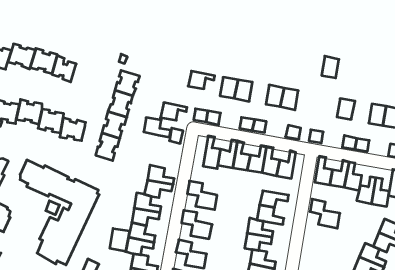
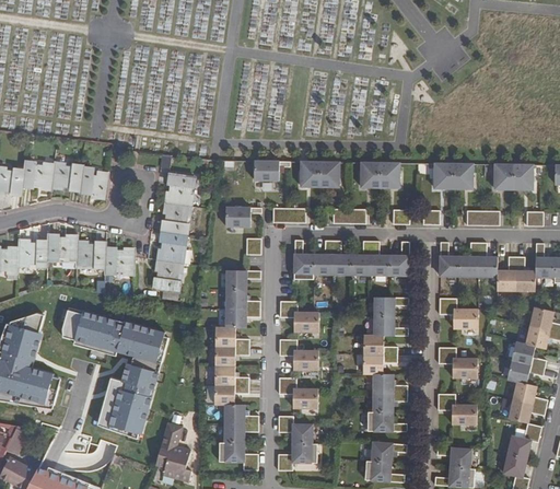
building: [322,56,339,78] -> [434,163,453,188]
building: [144,118,171,137] -> [225,270,259,290]
building: [110,228,130,252] -> none
building: none -> [438,348,477,377]

